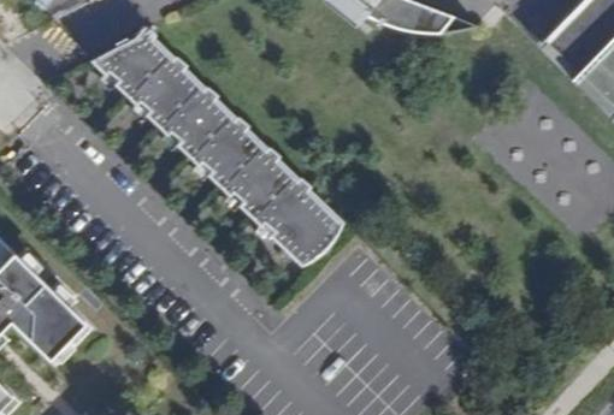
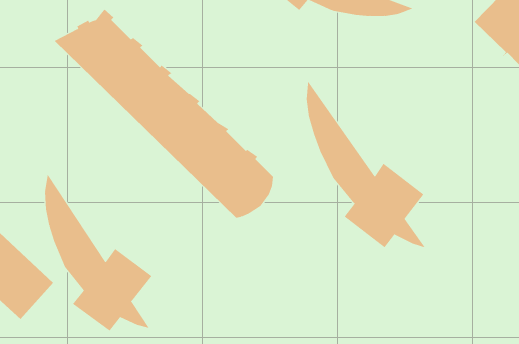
building: none -> [306,81,426,249]
building: none -> [45,174,152,332]

